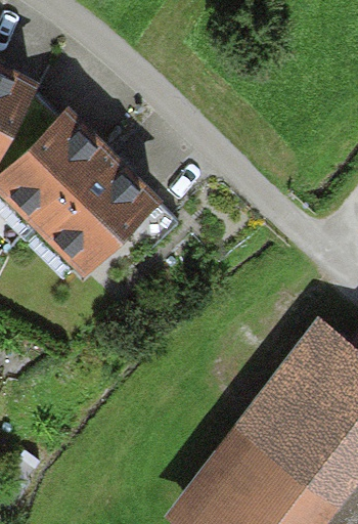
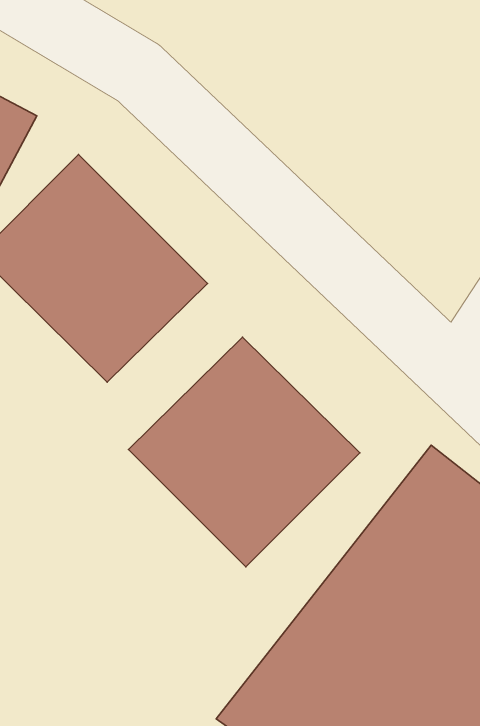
building: none -> [128,337,360,567]

